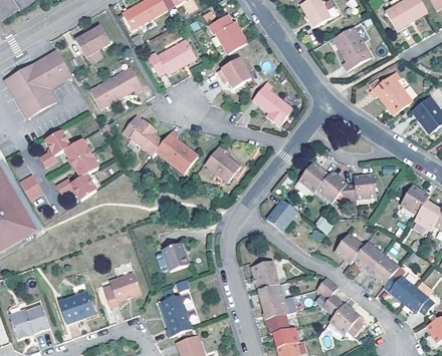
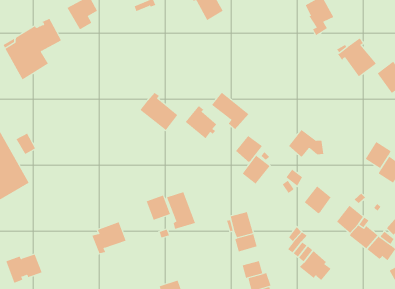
building: [148,40,195,75] -> none
building: [217,58,250,88] -> none
building: [89,67,143,109] -> none
building: [252,85,293,126] -> [211,92,249,130]
building: [124,115,163,154] -> none
building: [40,130,98,201] -> none
building: [298,162,328,193] -> [235,135,263,163]
building: [354,174,376,199] -> none
building: [353,242,383,272] -> none
building: [57,292,94,324] -> none
building: [160,295,192,336] -> [166,192,196,230]
building: [262,297,295,319] -> none

